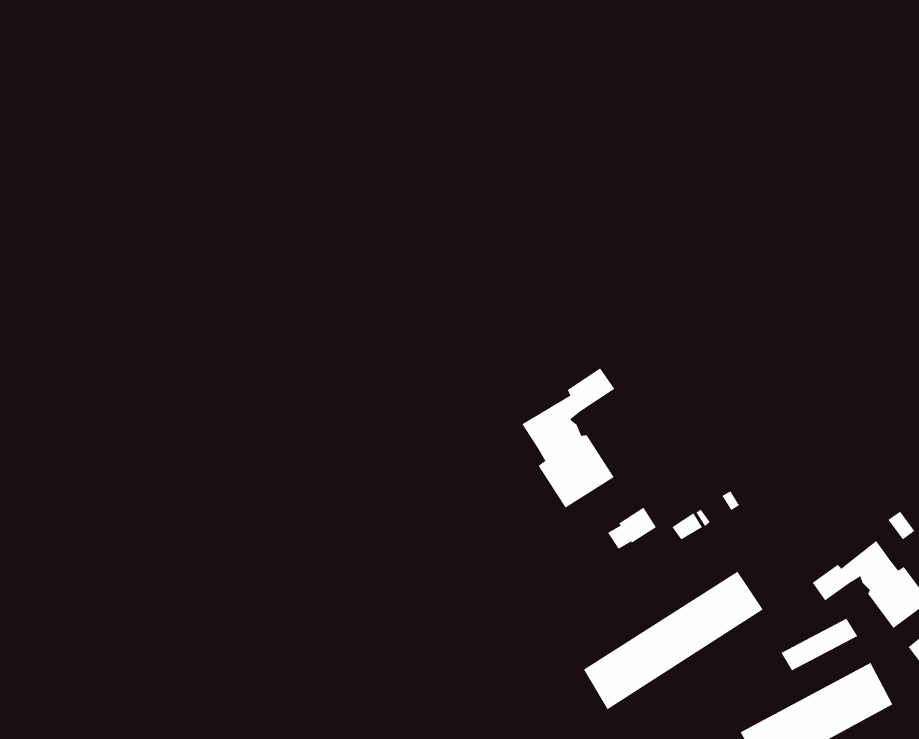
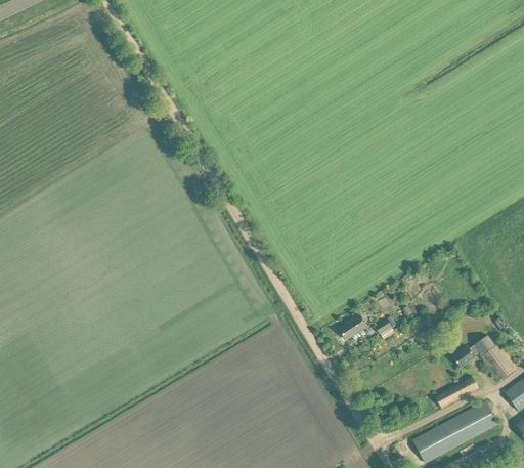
building: [521,367,615,508] -> none
building: [583,571,764,710] -> none

